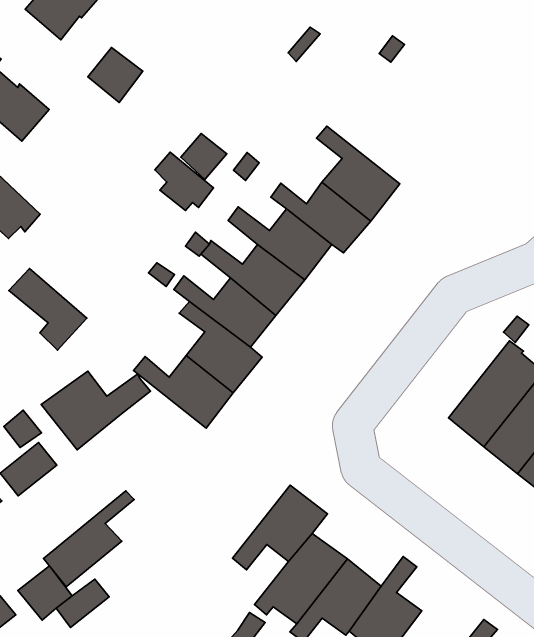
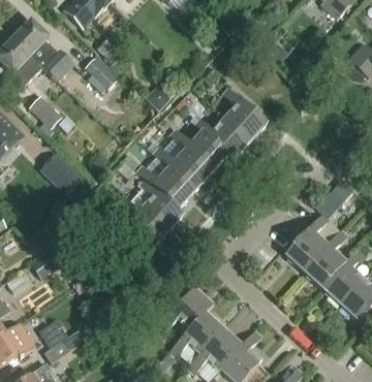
building: [155,152,214,210] -> [84,58,116,91]
building: [41,371,150,450] -> none
building: [44,491,134,587] -> none

